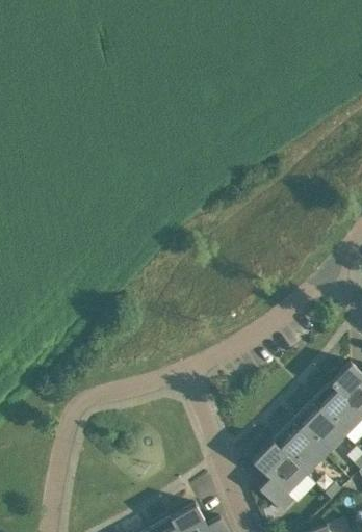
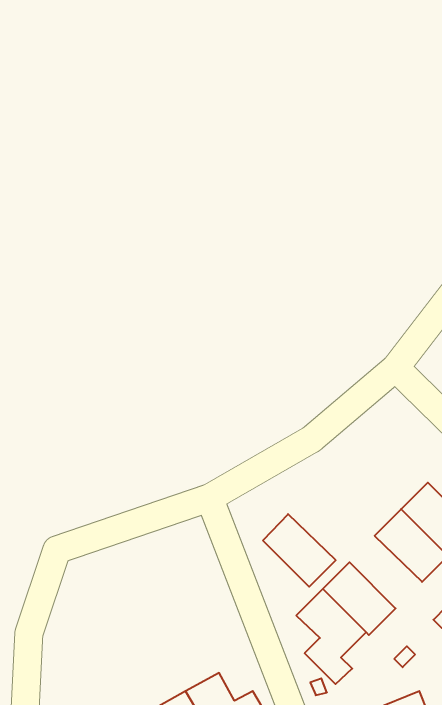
building: [292,403,346,457] -> [263,514,336,587]

